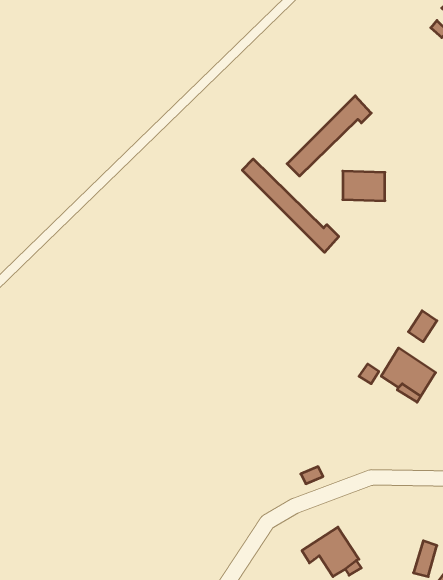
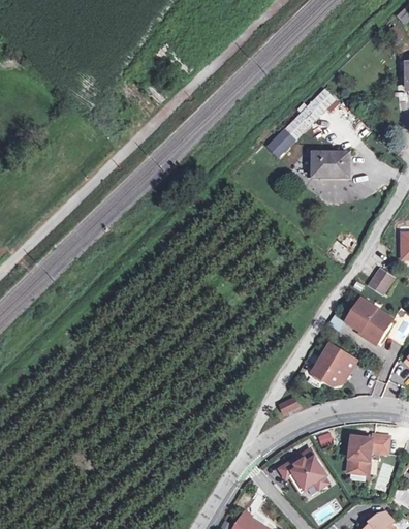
building: [242,159,339,252] -> none
building: none -> [311,345,355,387]
building: none -> [347,435,388,474]

